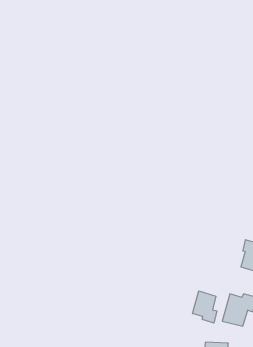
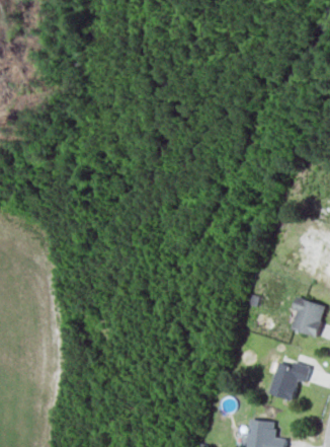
building: [193,291,217,323] -> none

